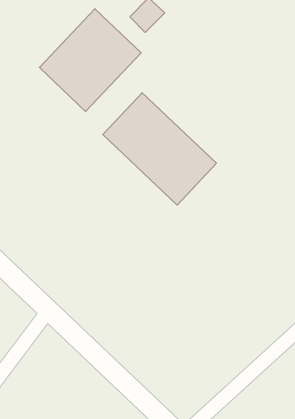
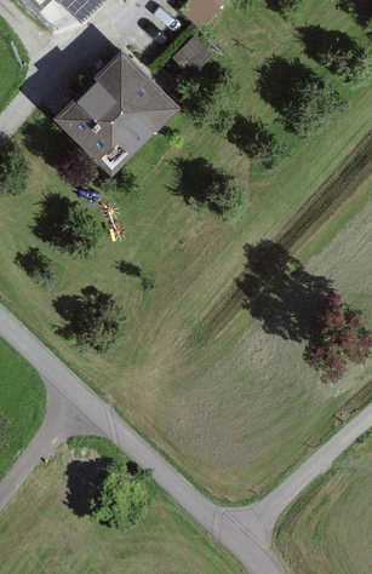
building: [103,93,216,205] -> none

